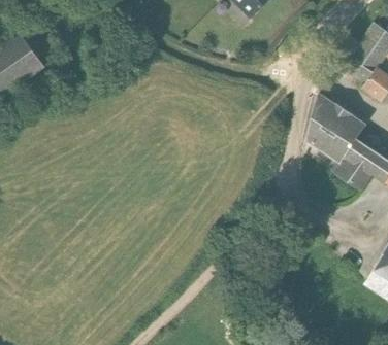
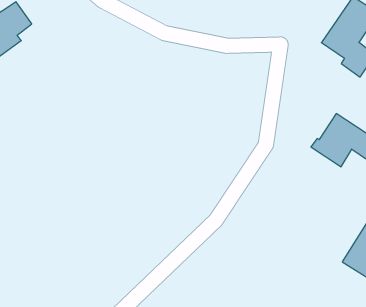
building: [305,93,366,164] -> none

